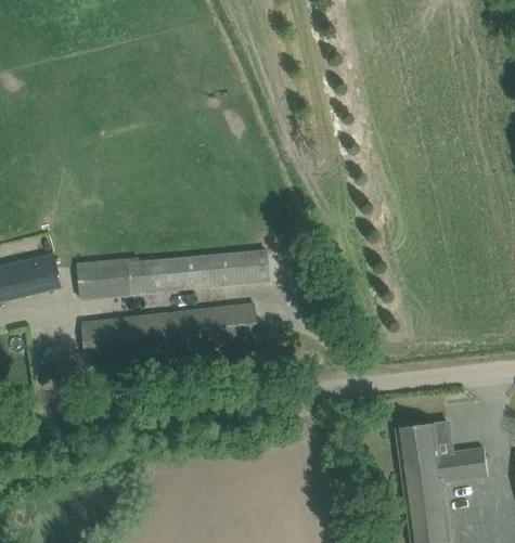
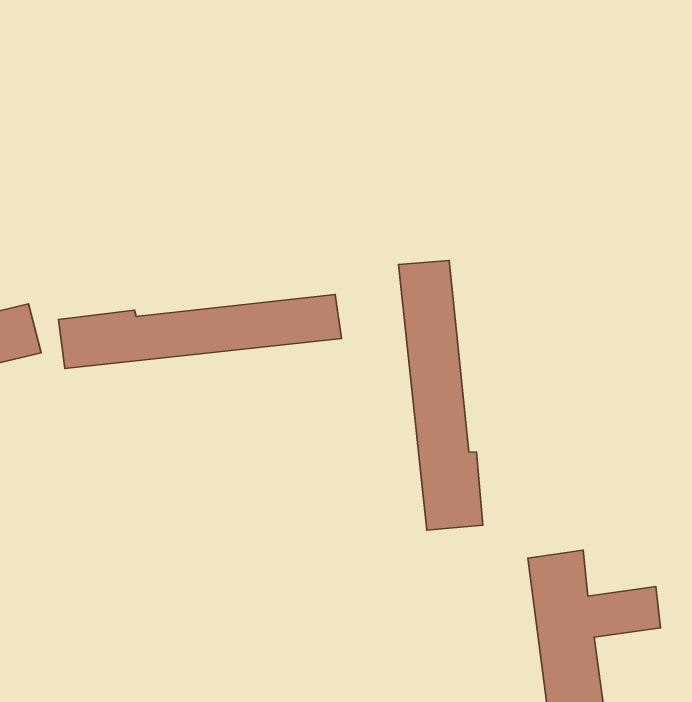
building: none -> [398,261,483,530]
building: [81,303,258,361] -> none

